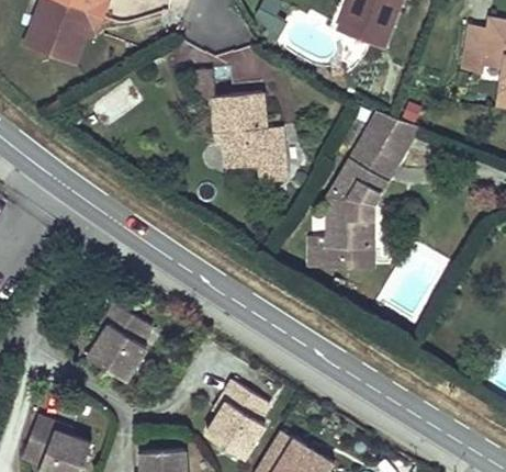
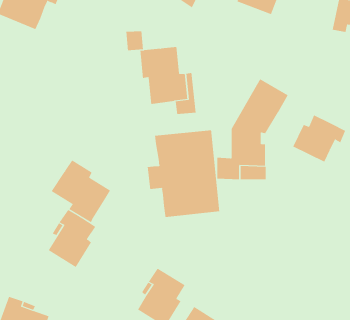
building: [367,111,419,153] -> none
building: none -> [293,115,346,163]
building: none -> [147,129,220,218]
building: none -> [51,159,111,223]

